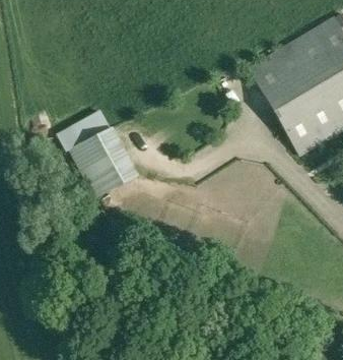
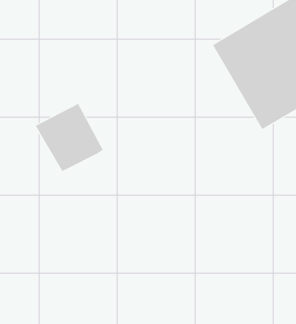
building: [56,109,110,149] -> none

